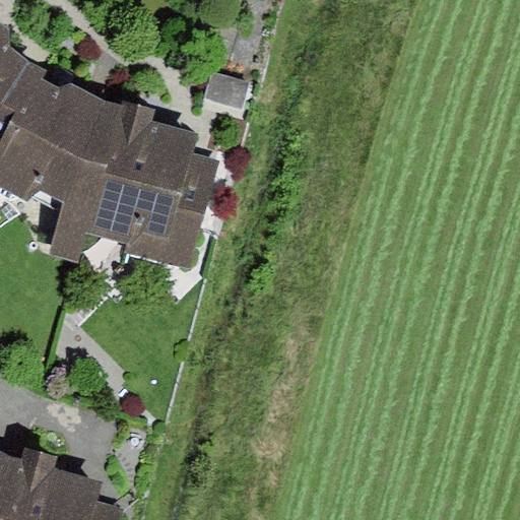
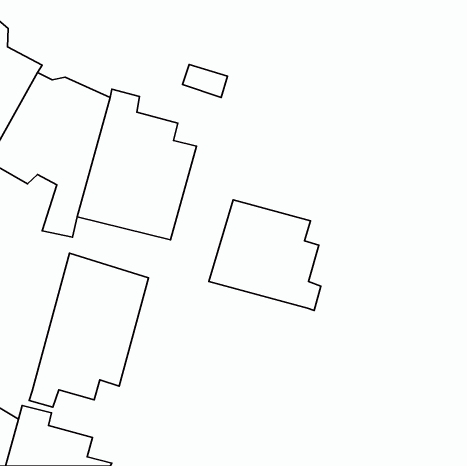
building: none -> [209,200,321,310]
building: none -> [29,253,149,407]

